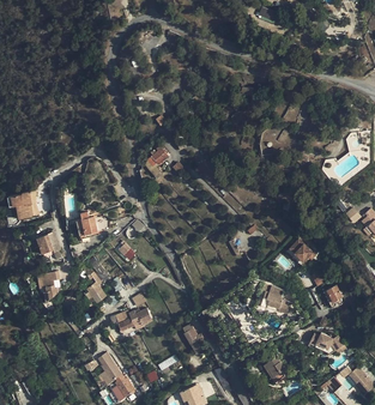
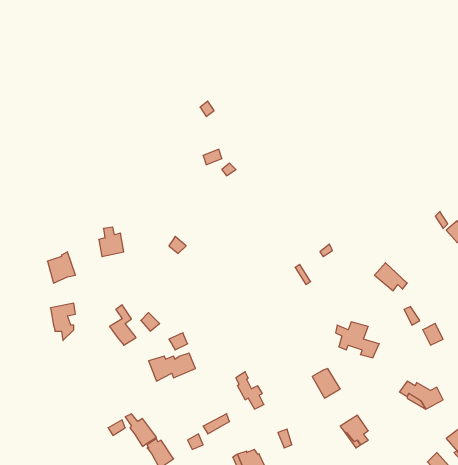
building: [11,191,38,219] -> none

